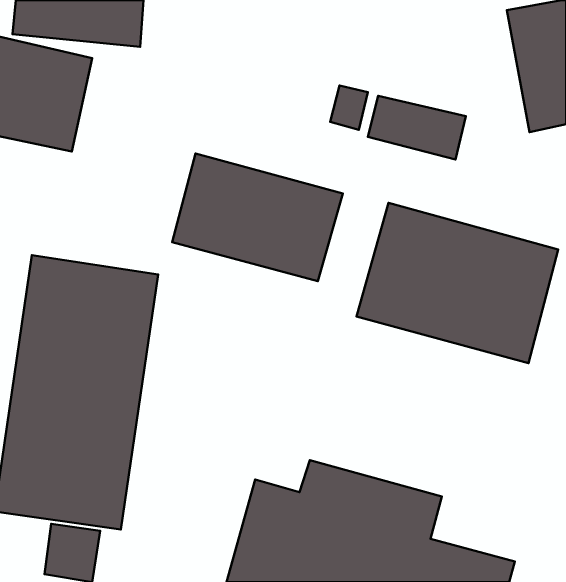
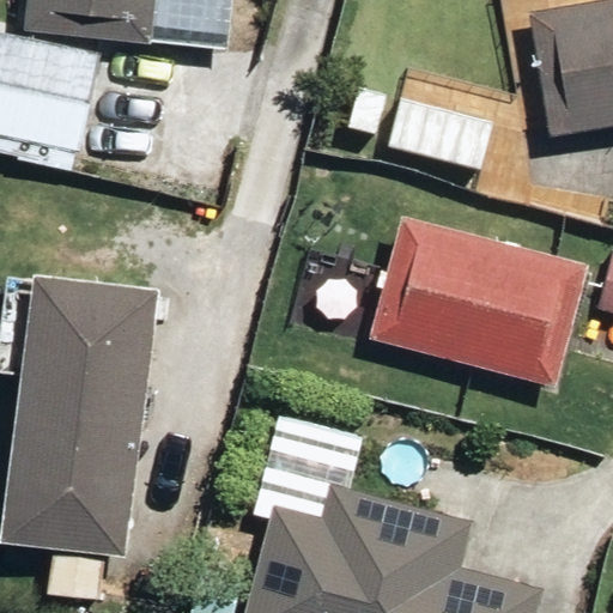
building: [172,153,343,281] -> none

